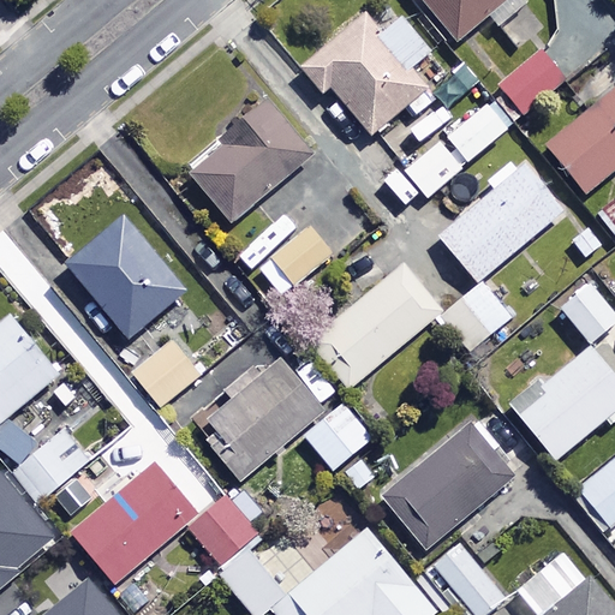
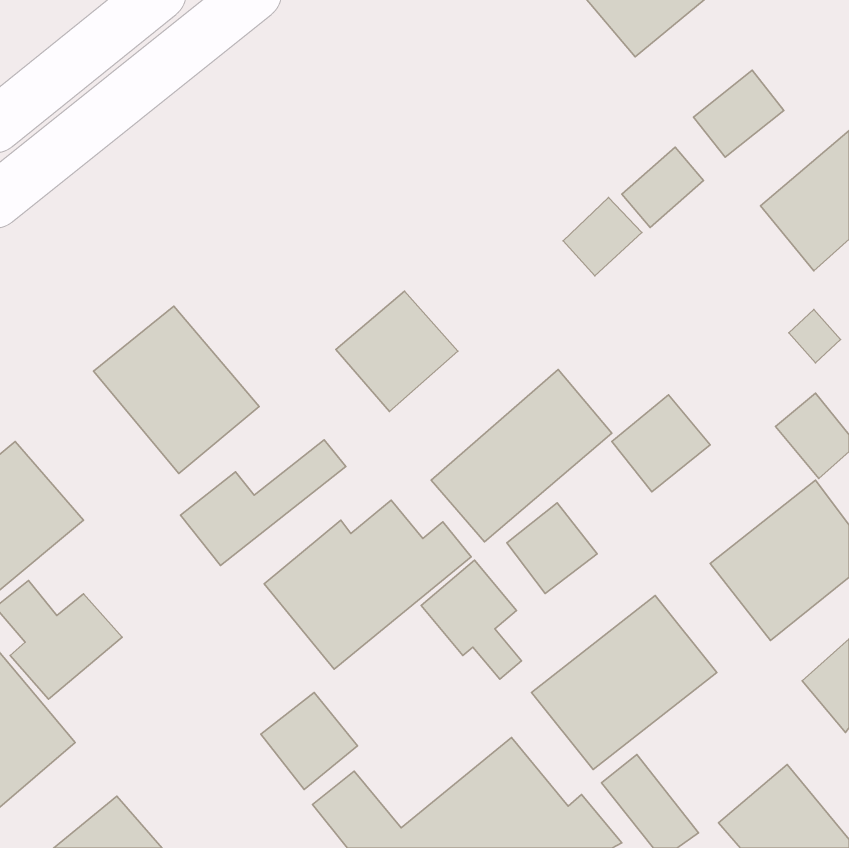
building: [299,14,429,136] -> none
building: [191,102,314,223] -> none
building: [438,156,562,282] -> none
building: none -> [507,503,597,593]
building: [72,462,195,581] -> none

